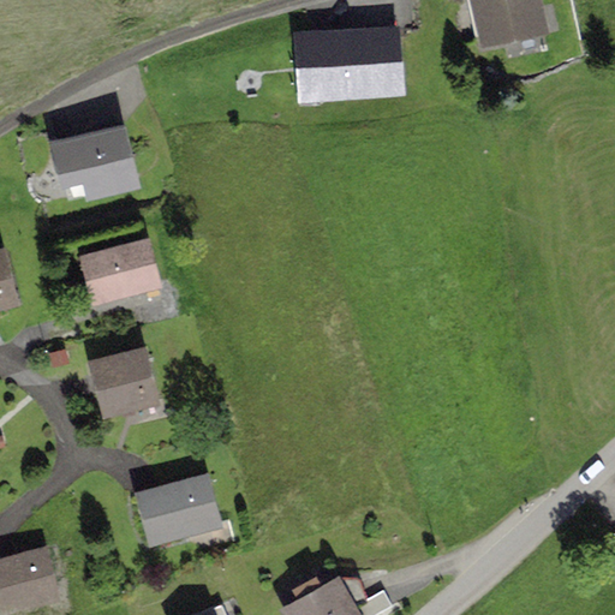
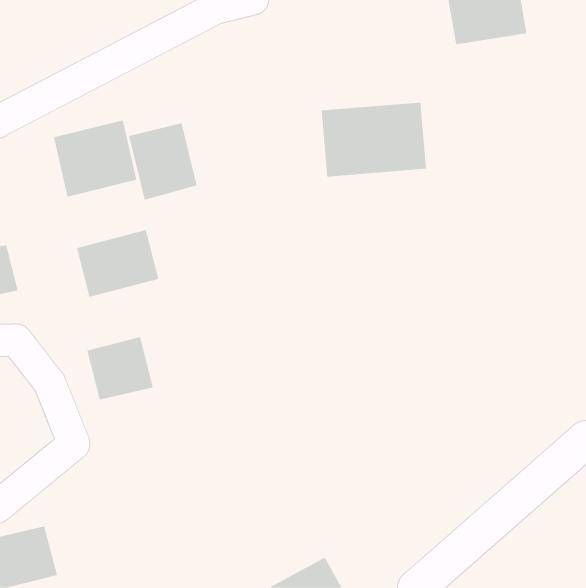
building: [289,19,400,97] -> [321,102,427,177]
building: none -> [128,123,197,200]
building: [131,476,219,542] -> none

